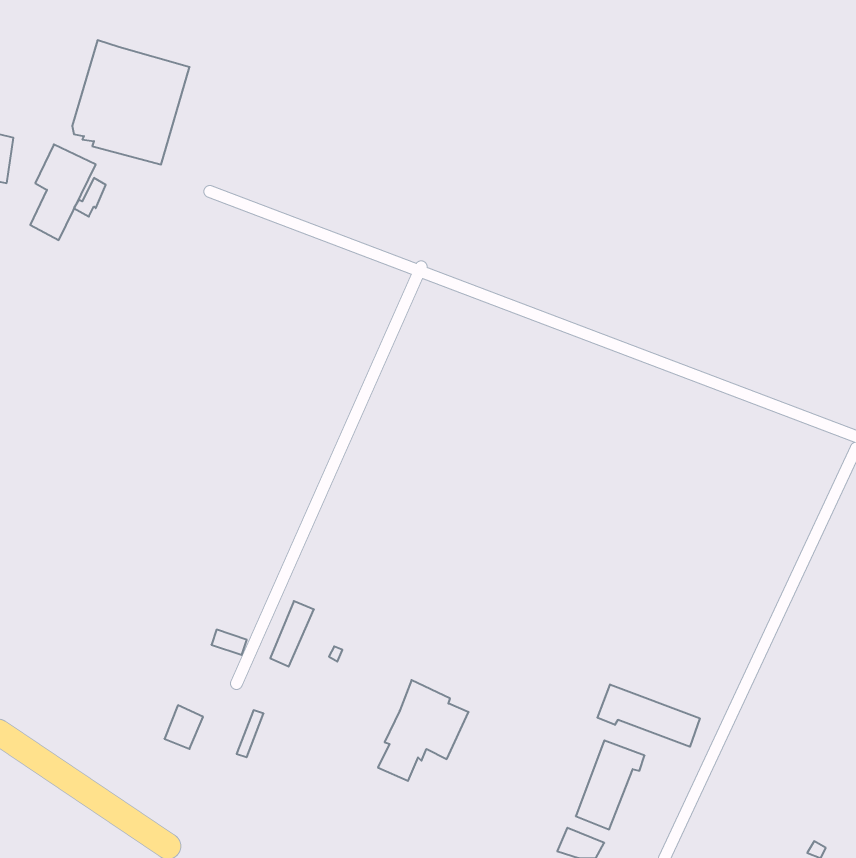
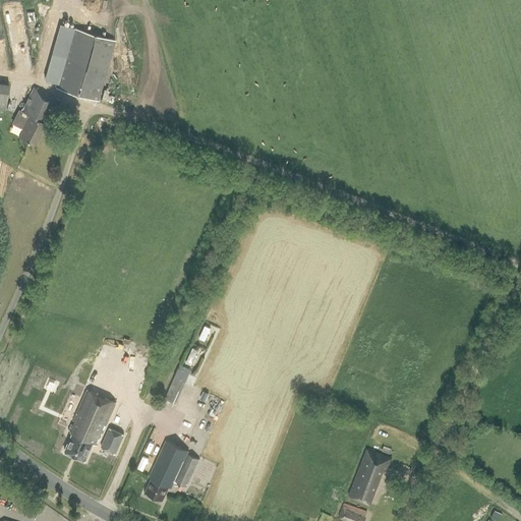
building: none -> [63,391,115,461]
building: [378,680,469,781] -> [143,440,198,501]
building: [597,684,700,747] -> none

